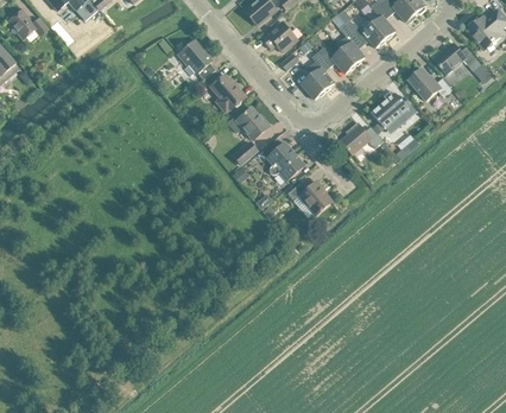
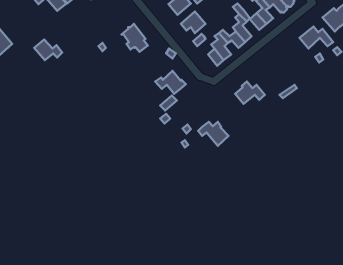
building: [7,9,48,39] -> [34,39,62,60]
building: [409,68,453,101] -> none
building: [209,74,246,113] -> none
building: [372,93,417,128] -> none
building: [259,139,304,180] -> none

